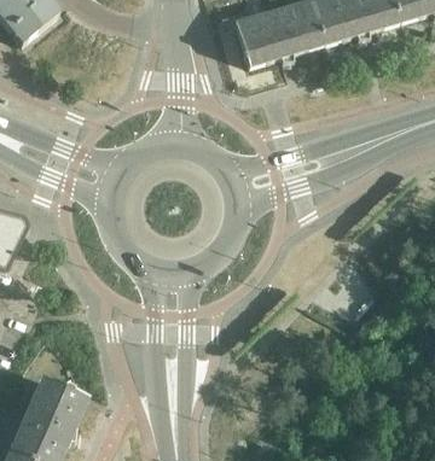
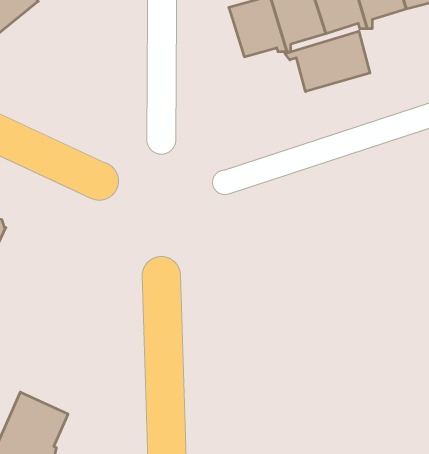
building: none -> [285,31,370,92]

